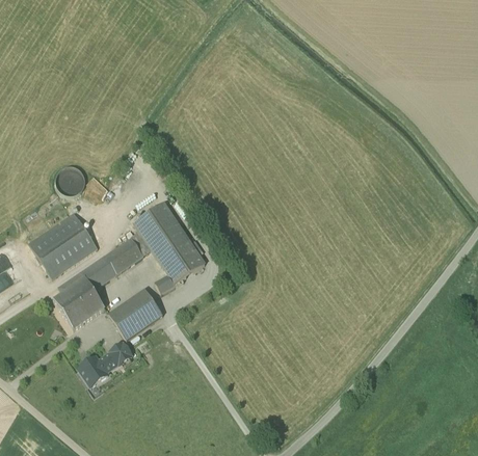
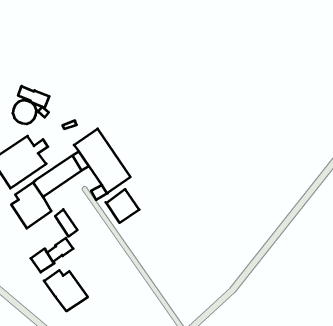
building: none -> [18,86,49,108]
building: [121,289,163,331] -> [106,189,139,223]
building: none -> [44,270,88,311]

